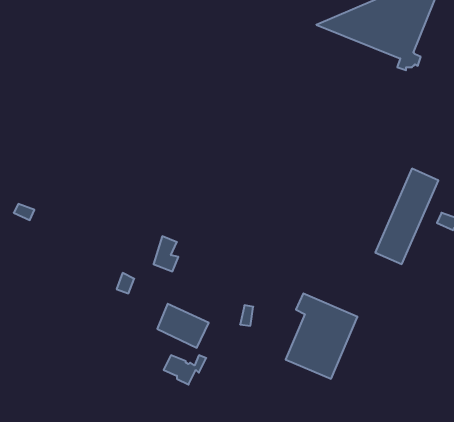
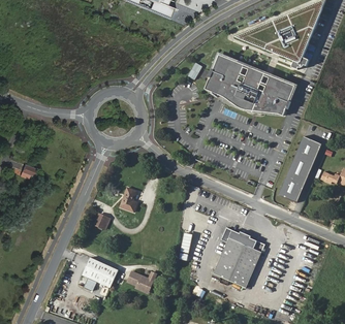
building: none -> [206,57,294,116]
building: [157,304,209,348] -> [84,256,120,287]

